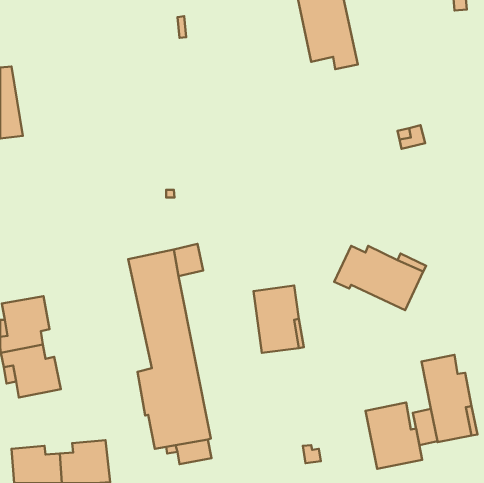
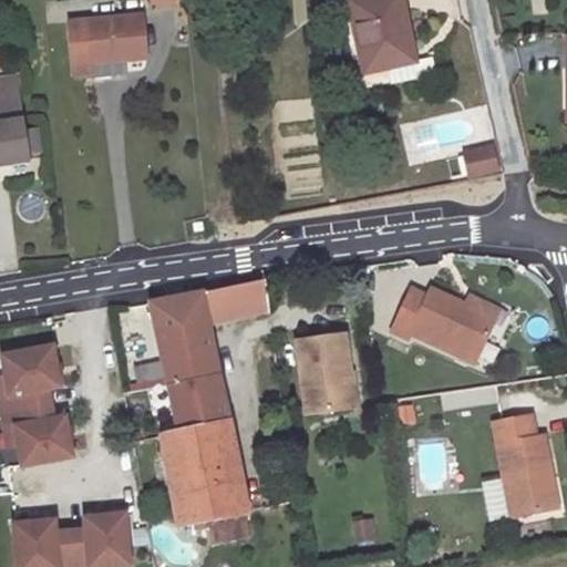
building: none -> [70,16,147,73]
building: none -> [231,278,269,316]
building: [365,402,422,469] -> none

